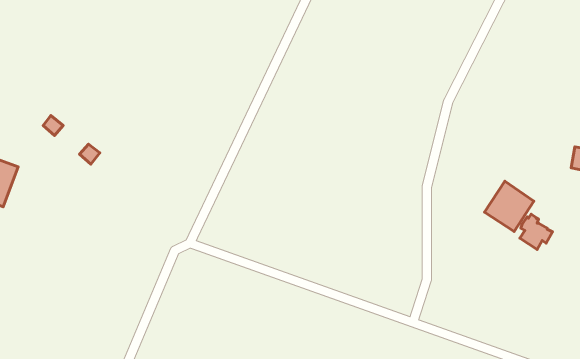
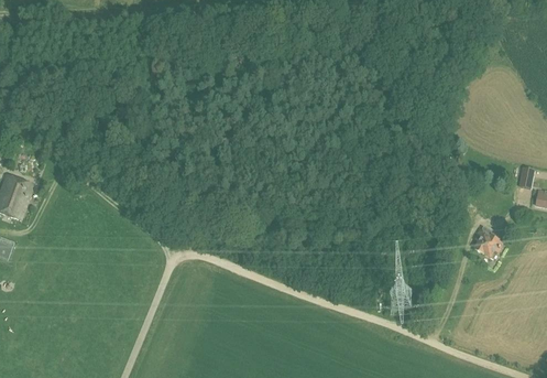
building: [484,181,534,231] -> none

